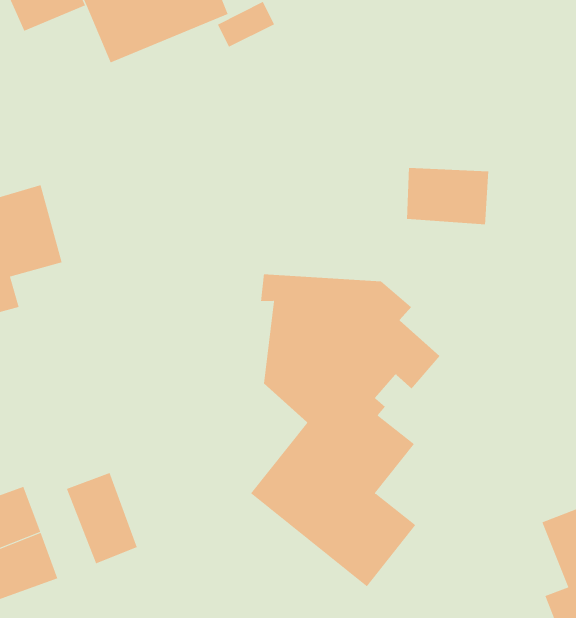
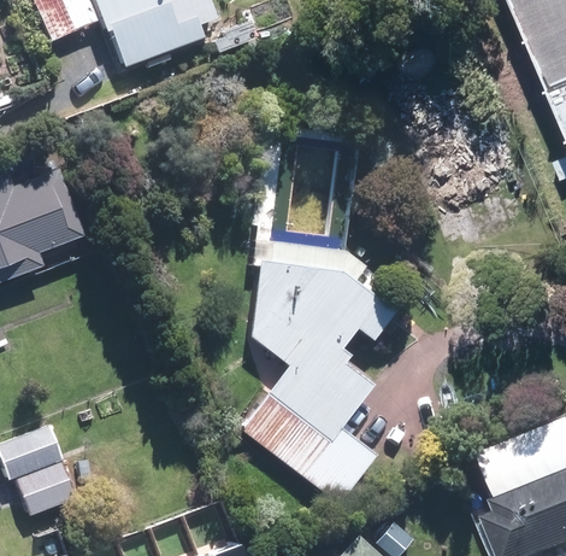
building: [406,167,489,225] -> none
building: [66,472,137,564] -> none

